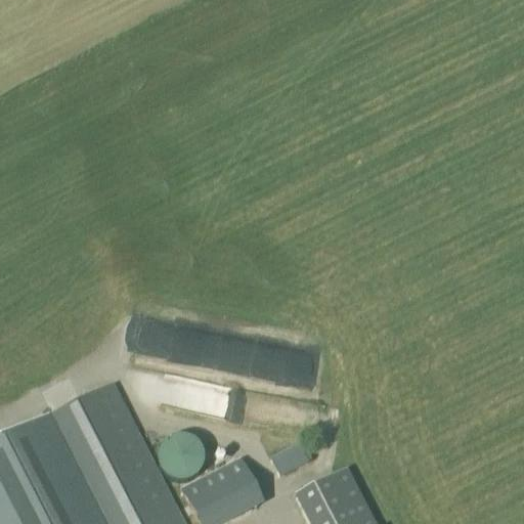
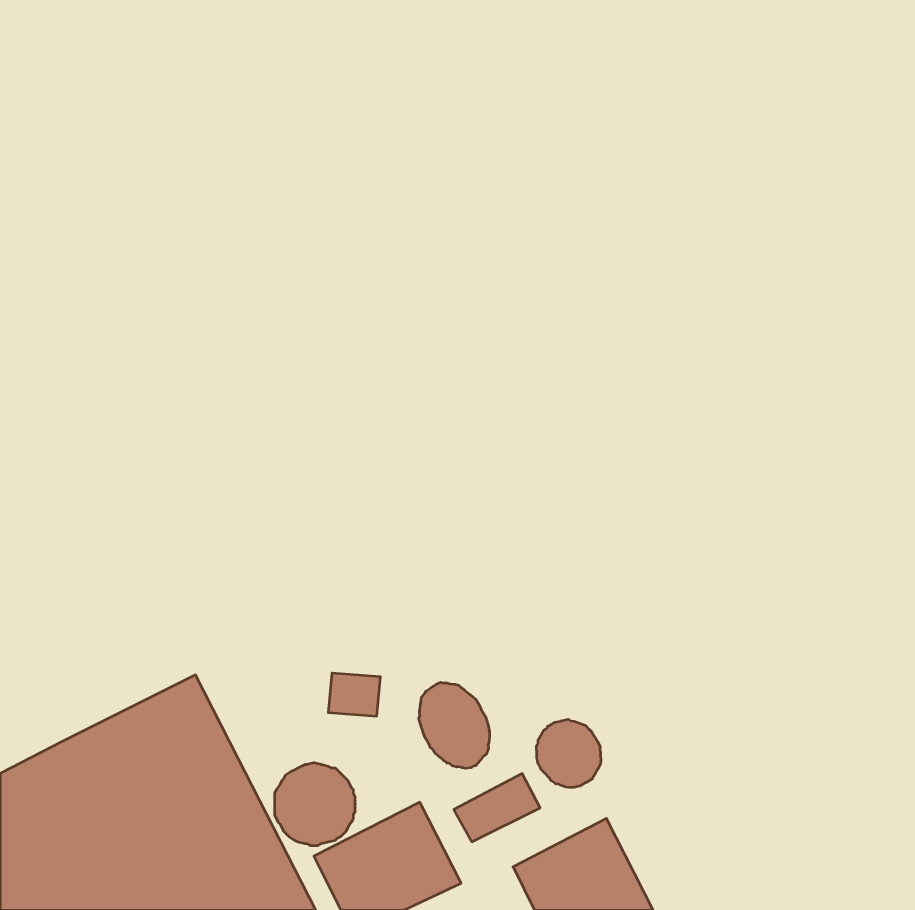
building: none -> [419,682,490,768]
building: none -> [536,719,601,787]

